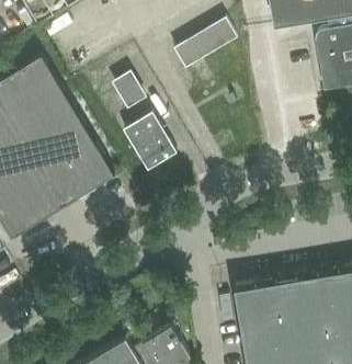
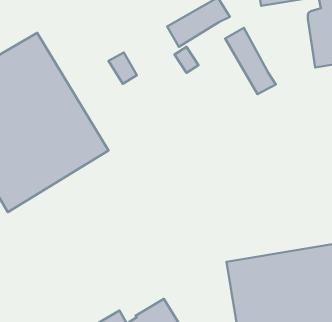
building: none -> [225,28,276,94]
building: [123,115,177,172] -> none

